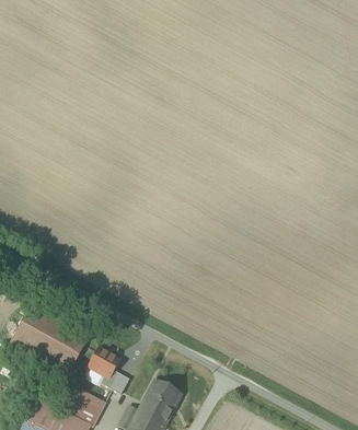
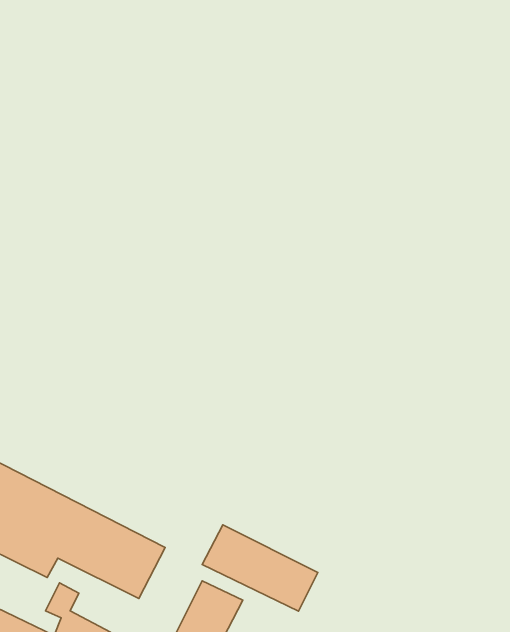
building: none -> [202,525,318,611]

